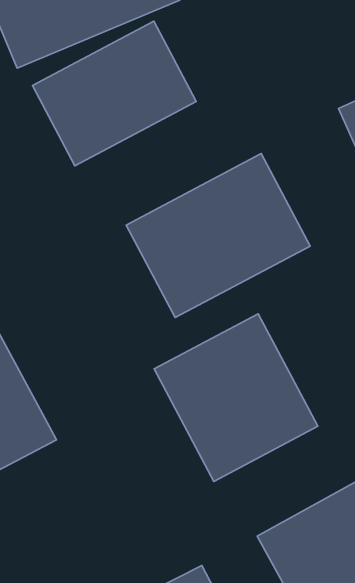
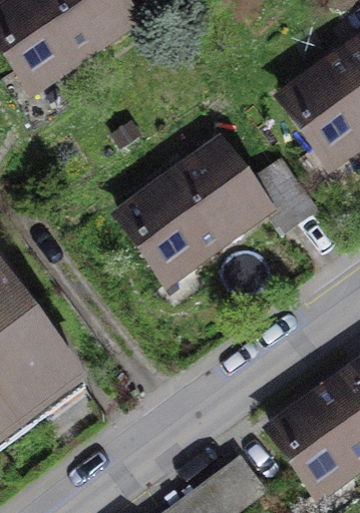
building: [32,21,196,166] -> none
building: [154,314,318,481] -> none

